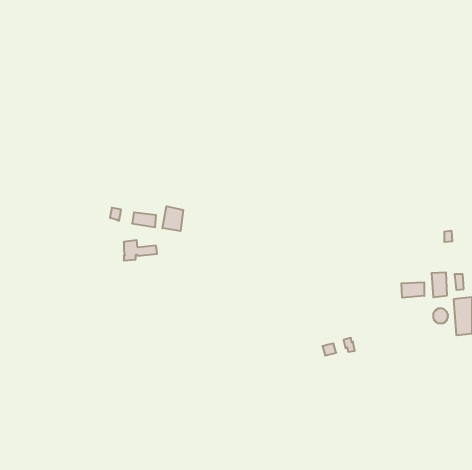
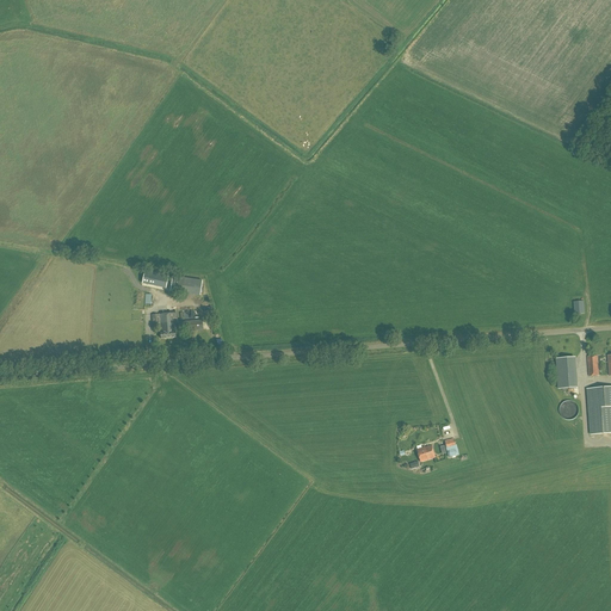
building: [162,206,183,231] -> none
building: [401,282,424,298] -> none

